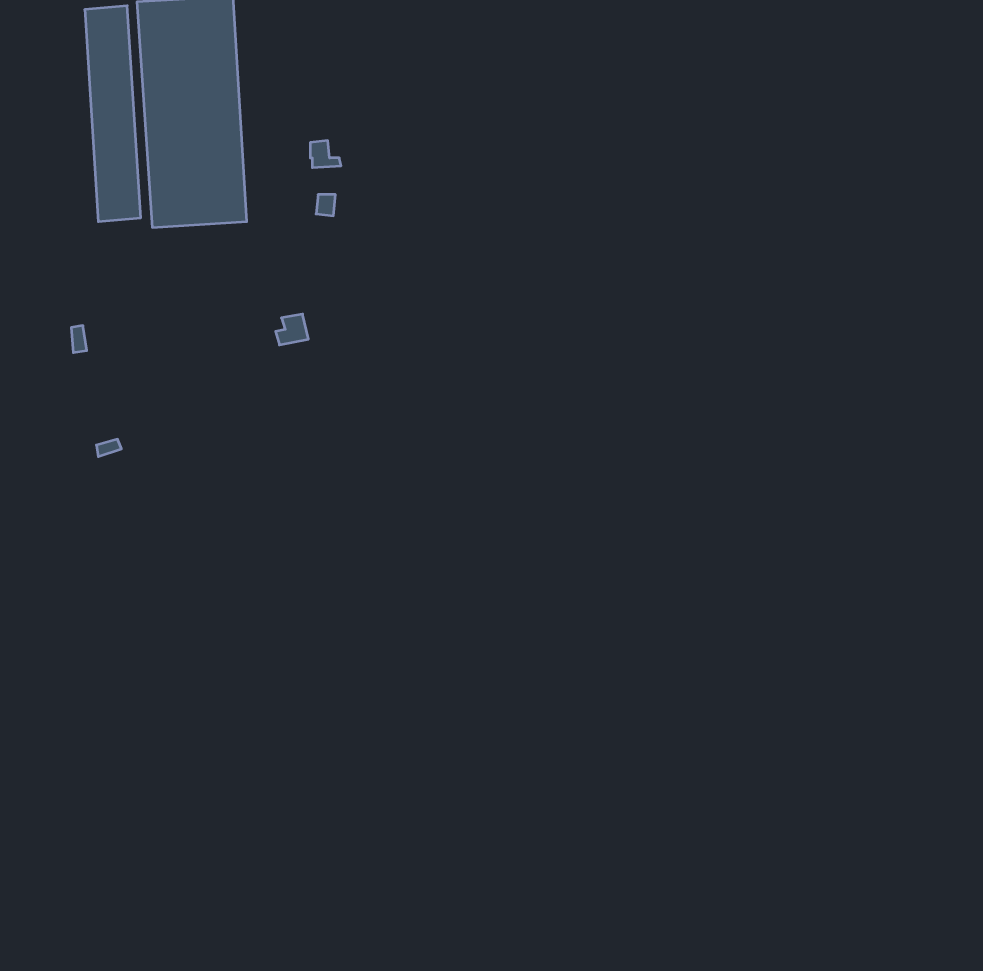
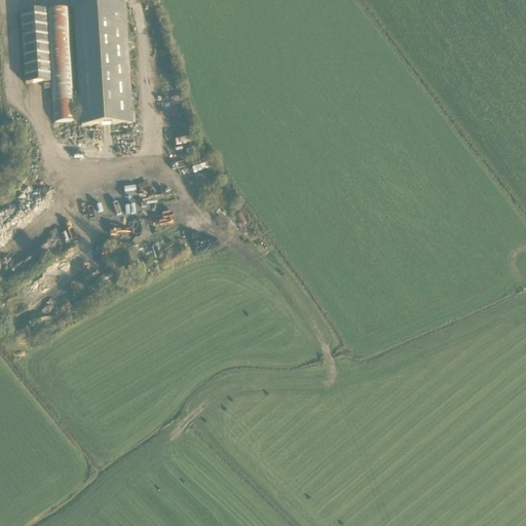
building: none -> [21,5,49,78]

